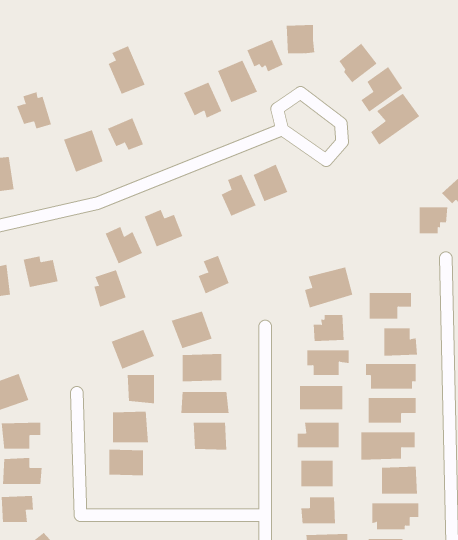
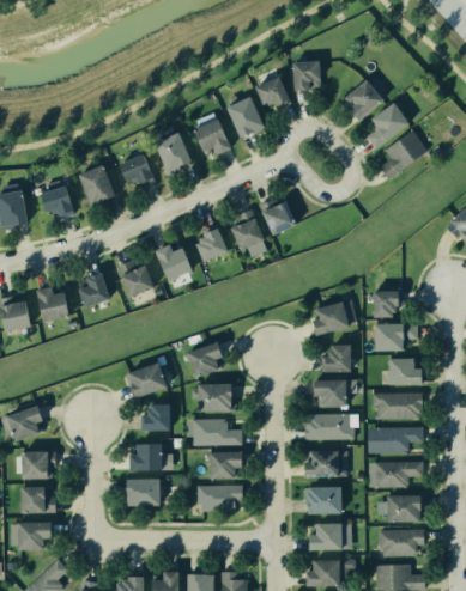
building: [108,46,146,95] -> [156,124,193,172]
building: [16,91,52,129] -> [41,179,75,217]
building: [419,207,448,234] -> [375,291,404,317]
building: [198,255,230,294] -> [196,223,228,261]
building: [93,270,126,307] -> [78,273,110,310]
building: none -> [196,489,241,514]

